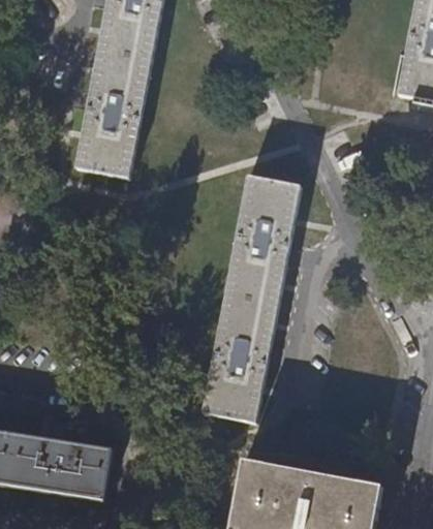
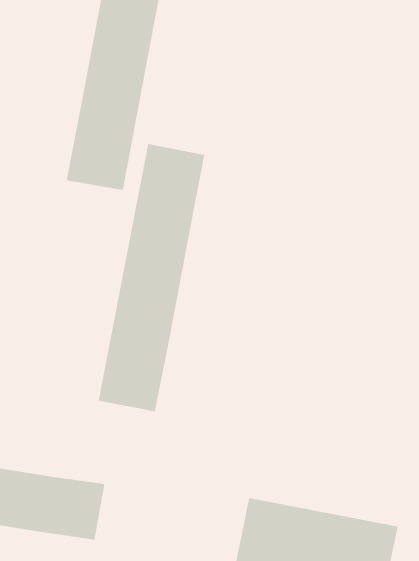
building: [202,176,300,422] -> [98,144,205,412]

